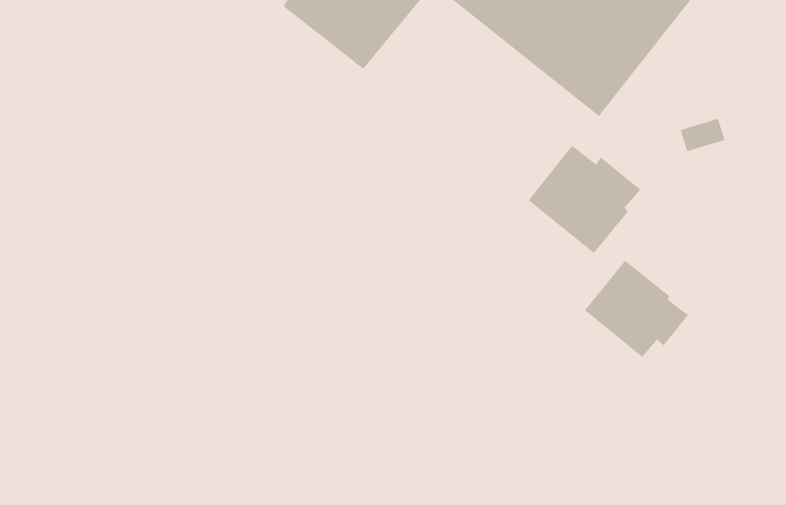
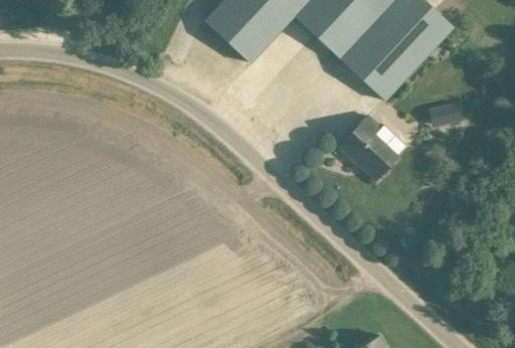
building: [584,260,689,358] -> none

